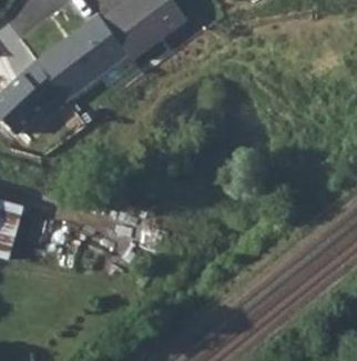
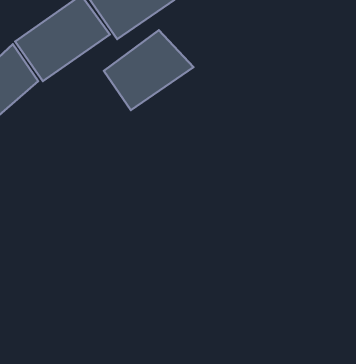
building: none -> [104,30,193,110]

